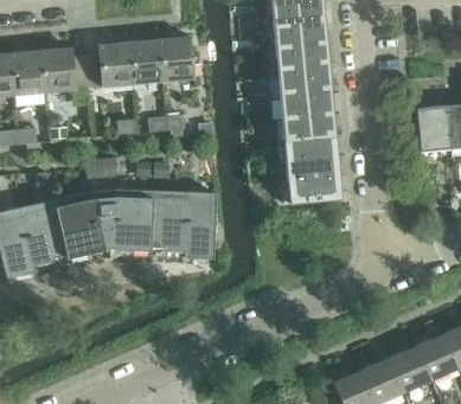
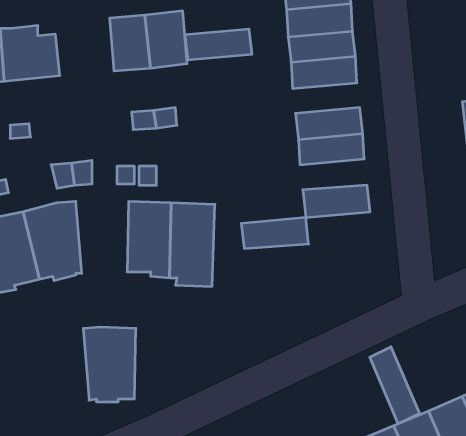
building: [87,41,134,88] -> none
building: [278,94,333,118] -> [185,29,252,60]
building: [284,155,339,180] -> [241,218,309,248]
building: [103,188,146,249] -> [83,327,136,402]
building: none -> [370,347,419,424]

